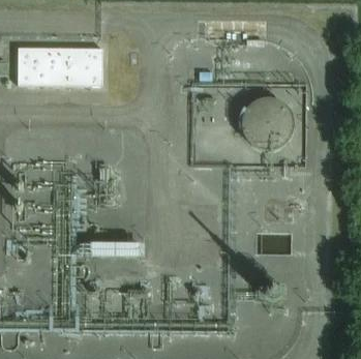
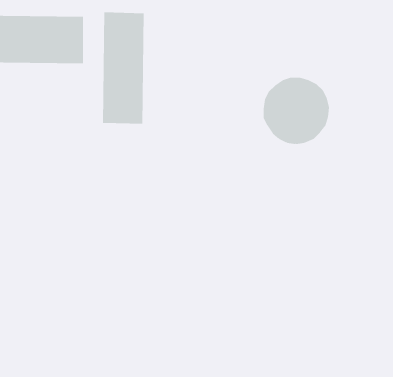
building: none -> [103,12,144,125]

